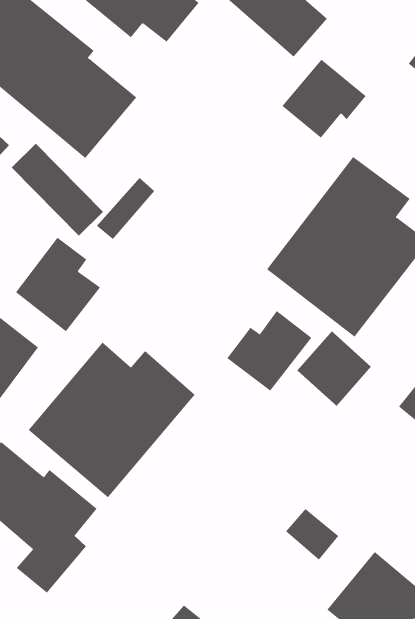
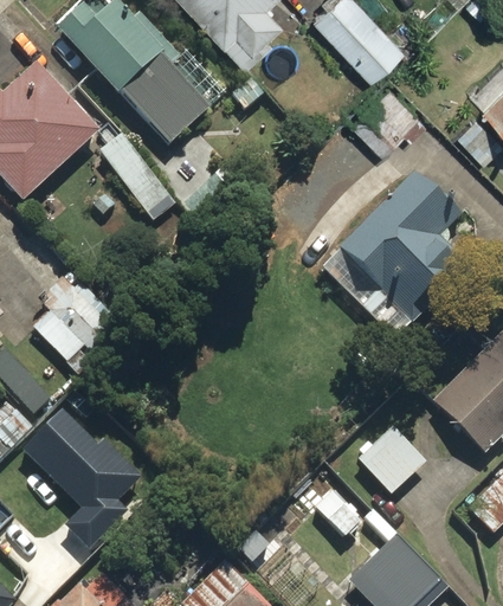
building: [15,237,101,332] -> none
building: [226,310,312,392] -> none
building: [297,330,372,407] -> [356,426,425,496]
building: [28,342,196,498] -> none

